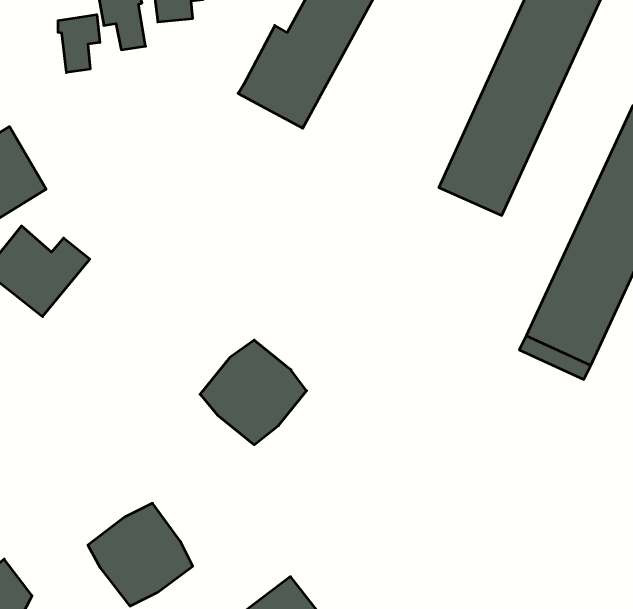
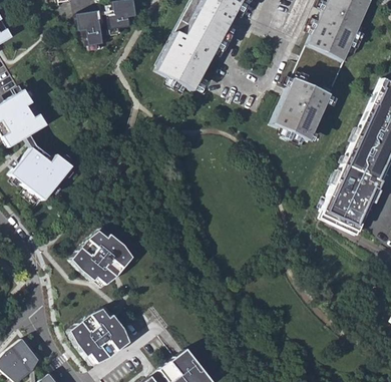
building: [58,15,100,73] -> none
building: [200,340,307,445] -> [72,228,133,288]

